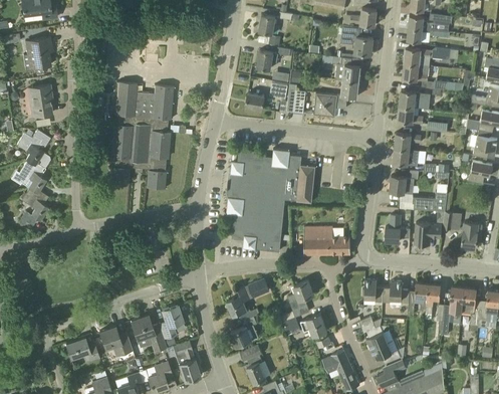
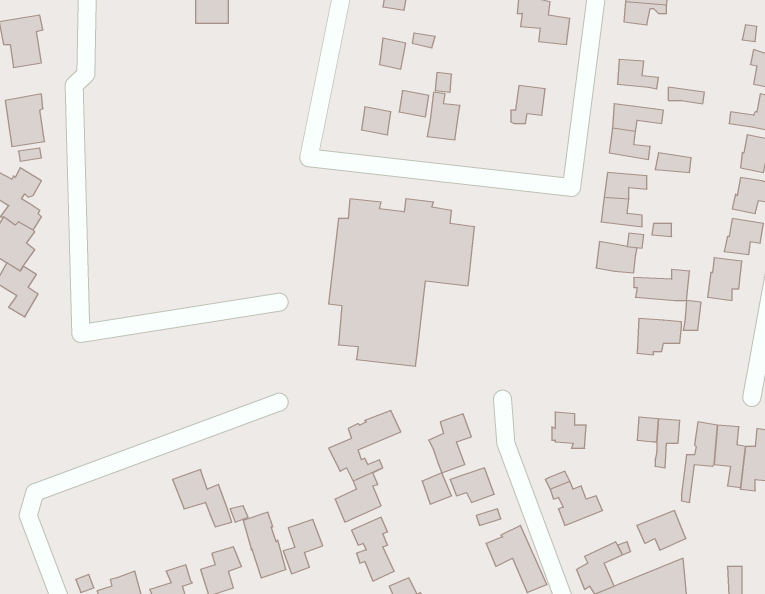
building: [404,47,450,66] -> none
building: [332,56,360,81] -> none
building: [110,82,172,188] -> none
building: [313,92,337,117] -> none
building: [385,214,410,242] -> none
building: [461,222,482,248] -> [708,258,742,300]
building: [303,226,350,254] -> none
building: [383,280,409,304] -> none
building: [159,305,183,338] -> [283,520,323,574]
building: [99,326,133,356] -> none
building: [65,337,99,362] -> none
building: [370,340,401,364] -> [637,511,686,550]

